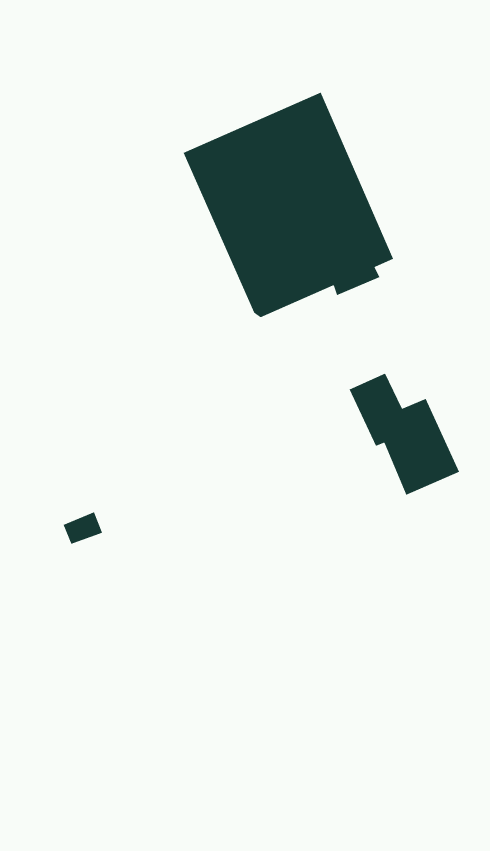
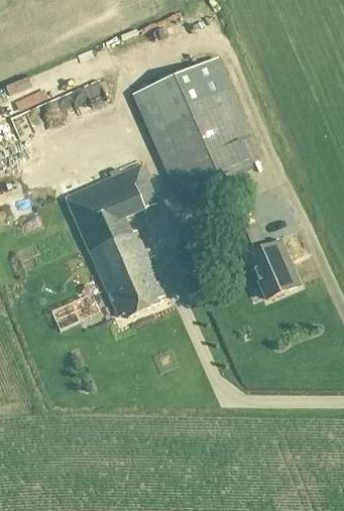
building: none -> [65,161,163,315]

